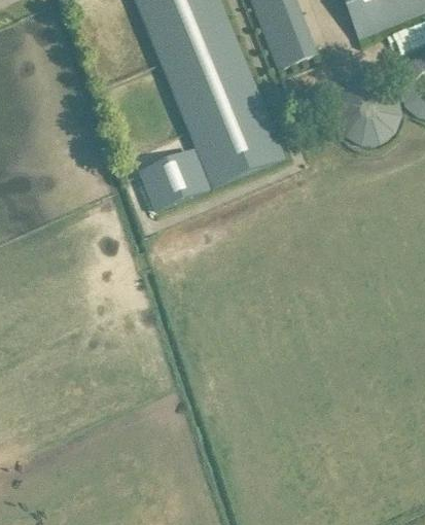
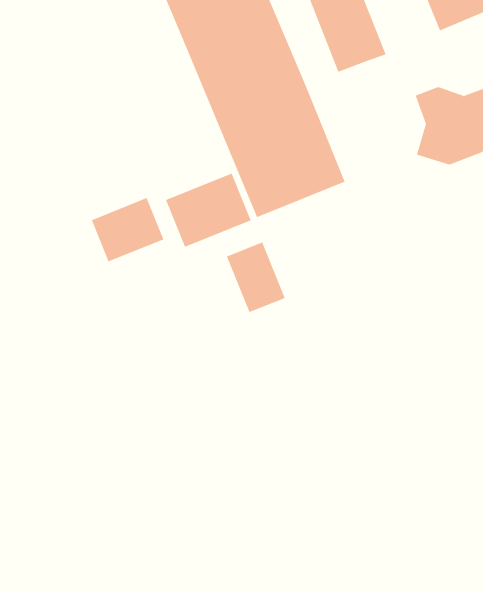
building: none -> [91,197,164,262]
building: none -> [226,241,285,313]

